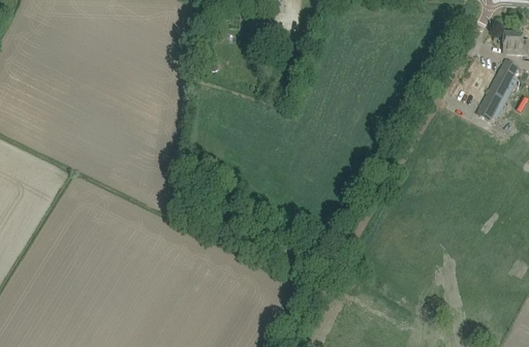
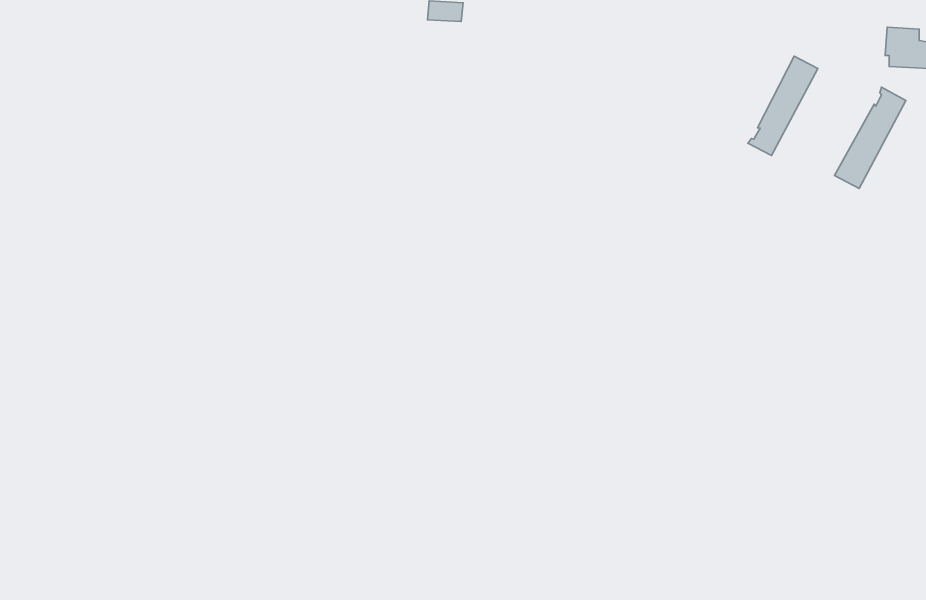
building: none -> [748,56,818,156]

